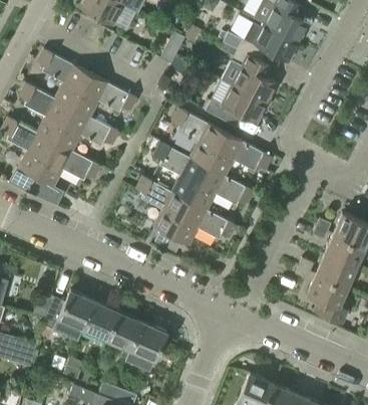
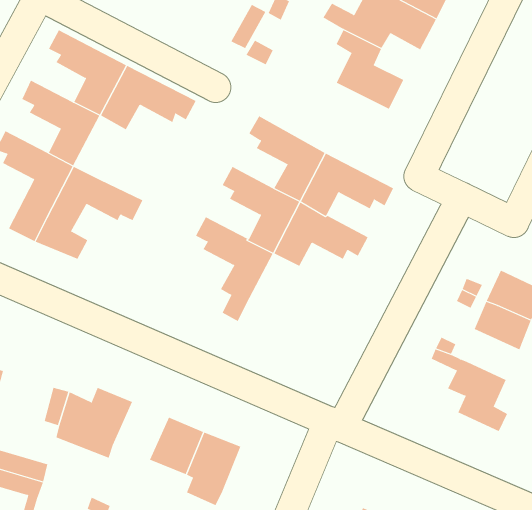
building: [205,85,268,125] -> none
building: [54,108,119,151] -> none
building: [165,201,236,252] -> none
building: [316,252,356,286] -> none
building: [81,301,118,341] -> none

